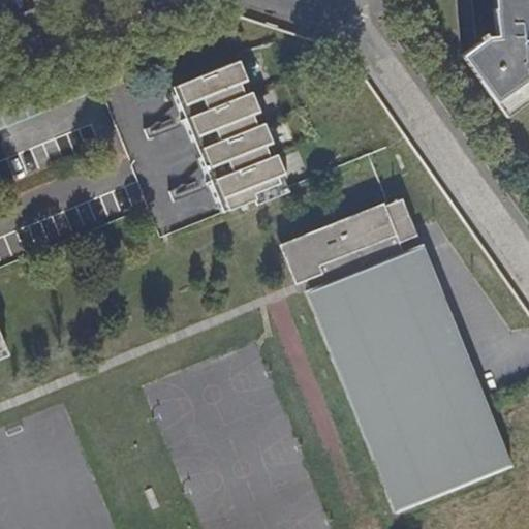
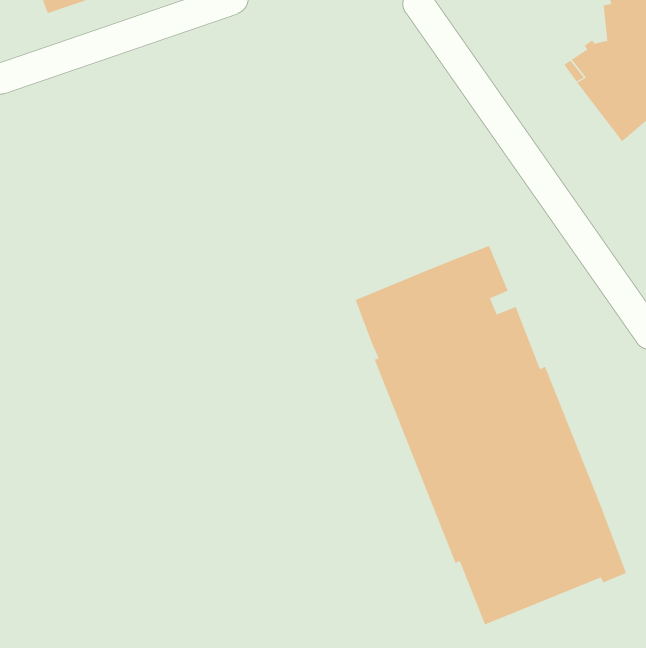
building: [178,63,288,213] -> none
building: [278,211,362,283] -> none

